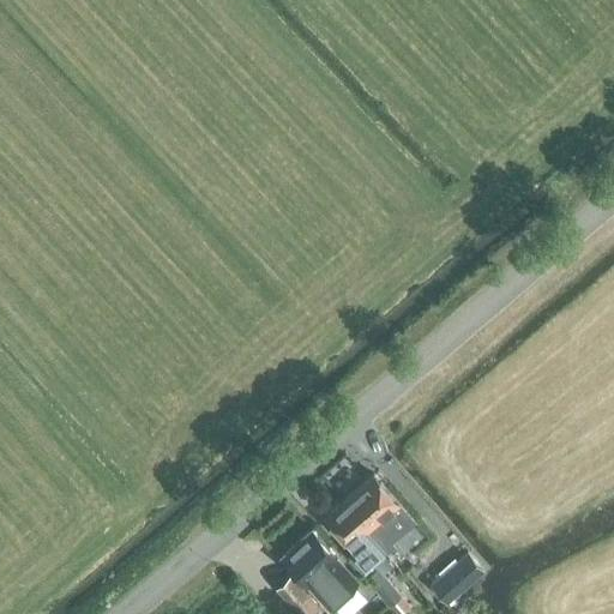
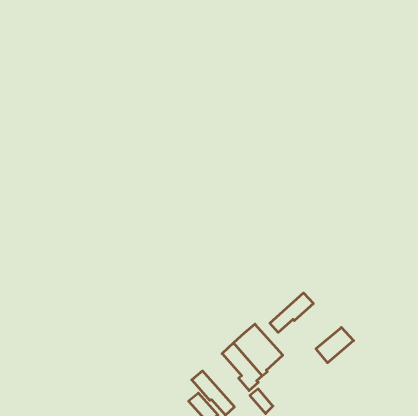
building: none -> [270,293,313,332]
building: [297,532,357,600] -> none
building: [431,555,486,607] -> [316,327,354,363]

